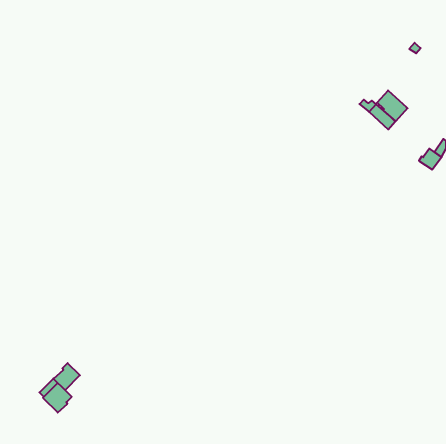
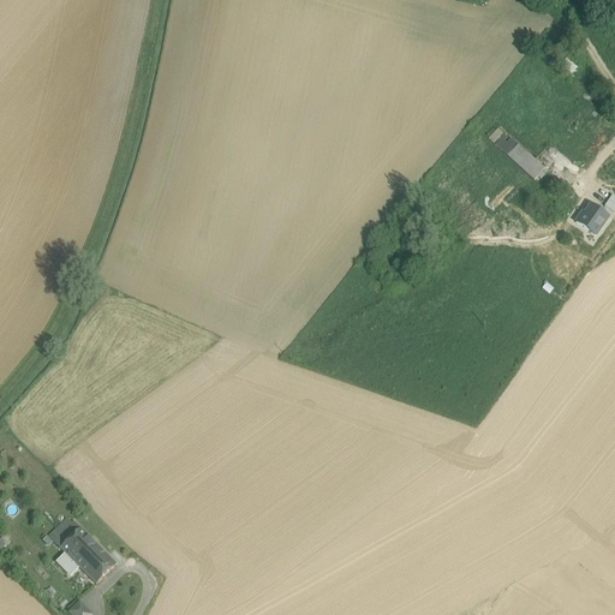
building: [377,90,408,121] -> none
building: [54,363,80,390] -> [79,545,115,583]

